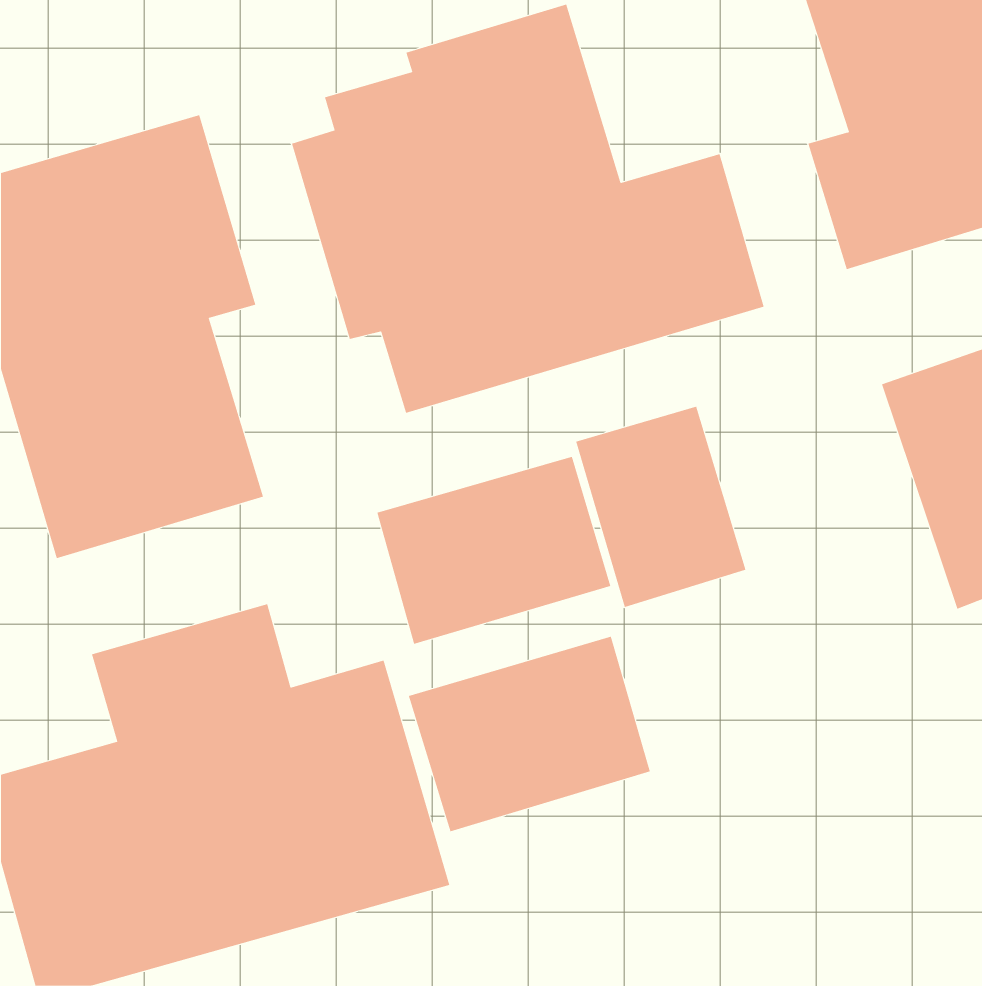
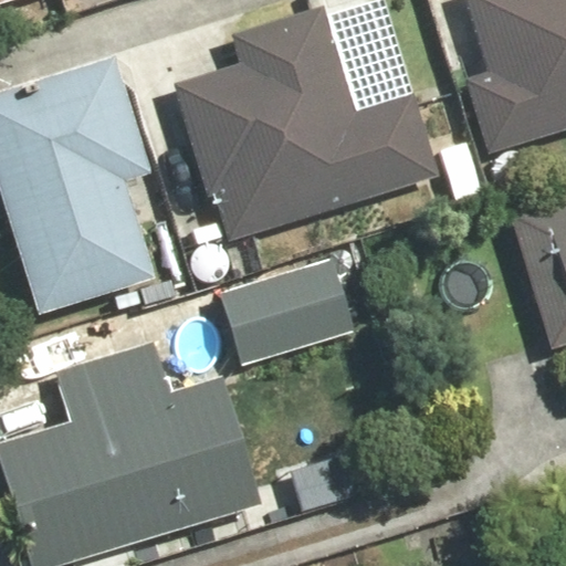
building: [576,406,746,608] -> none
building: [408,636,650,832] -> none

